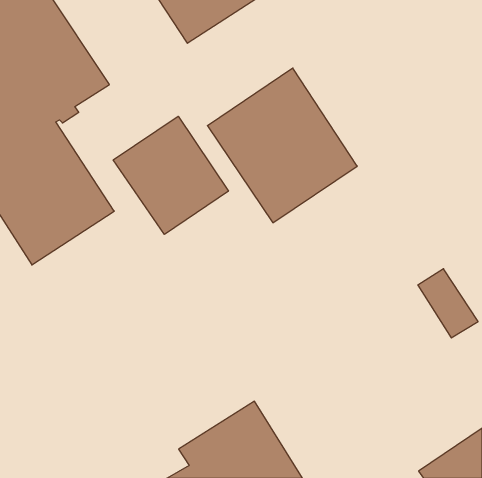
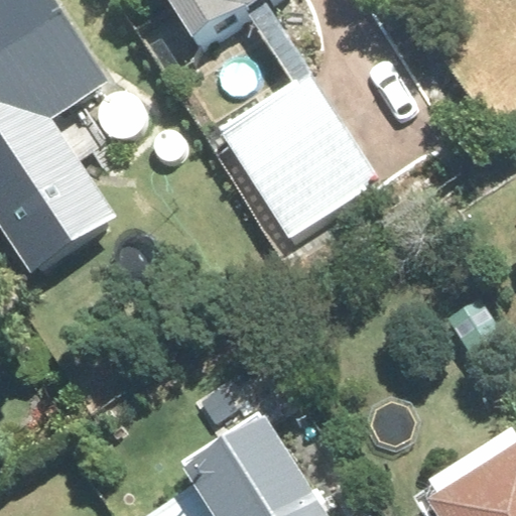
building: [113,116,228,234] -> none

